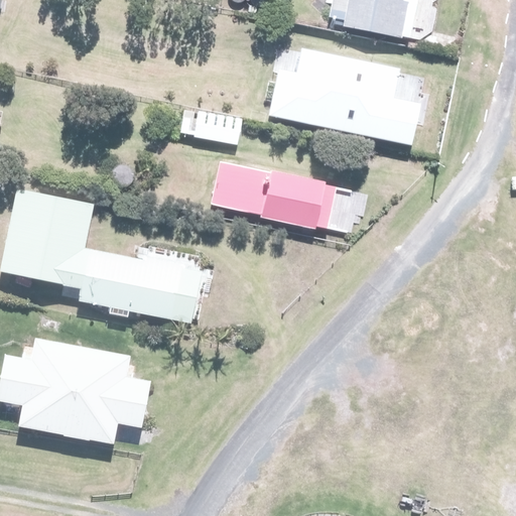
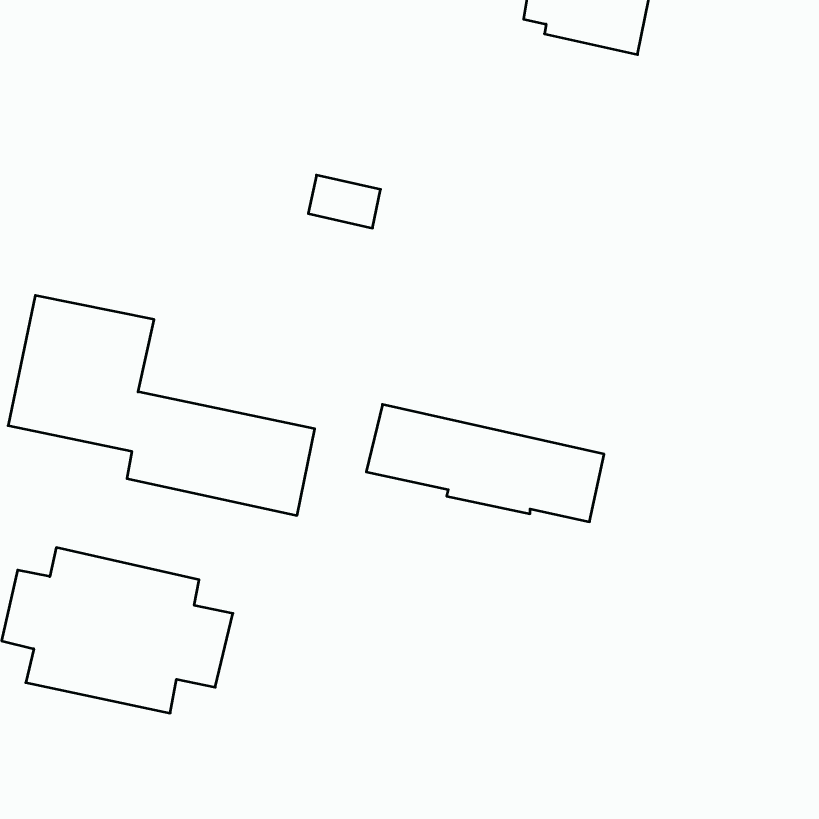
building: [268,47,418,144] -> none
building: [209,158,358,232] -> [366,404,604,522]

